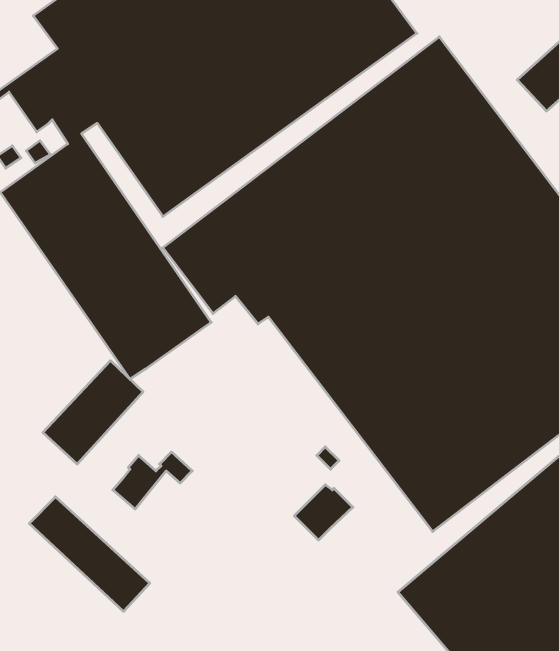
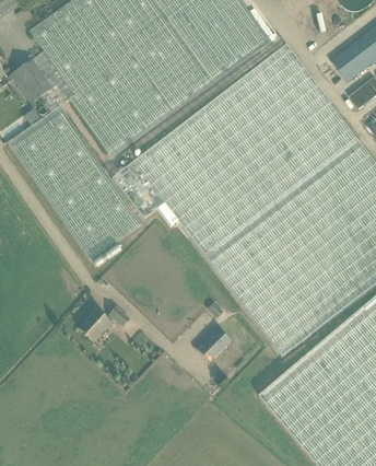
building: [43,361,143,464] -> none
building: [29,497,150,611] -> none

